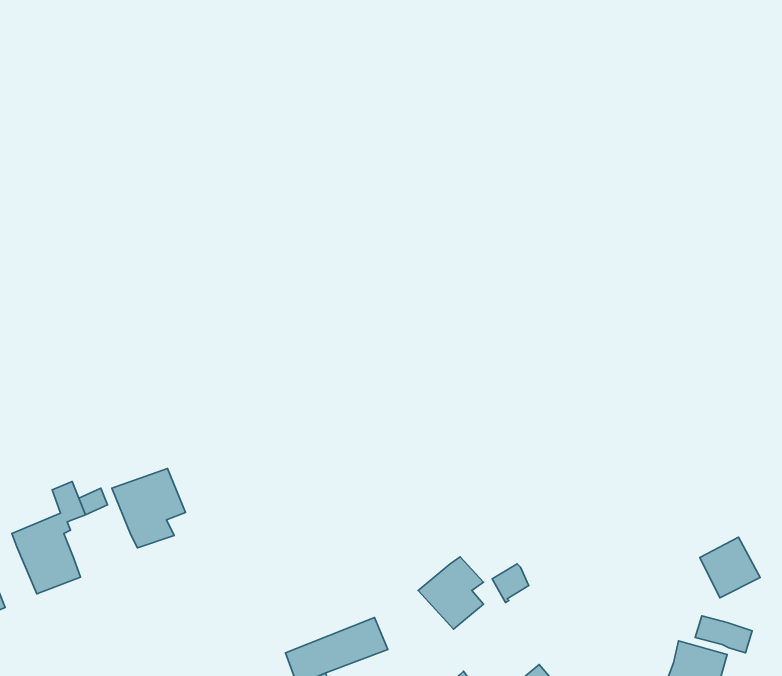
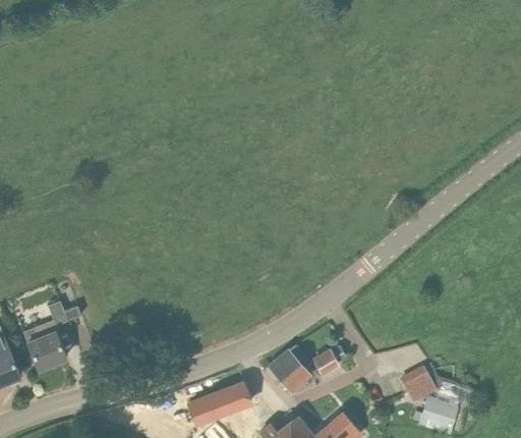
building: [112,469,185,548] -> none
building: [700,537,760,598] -> [401,365,438,401]

